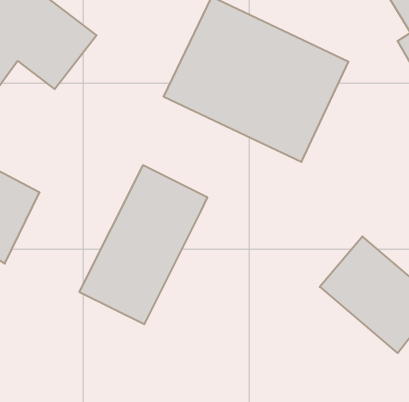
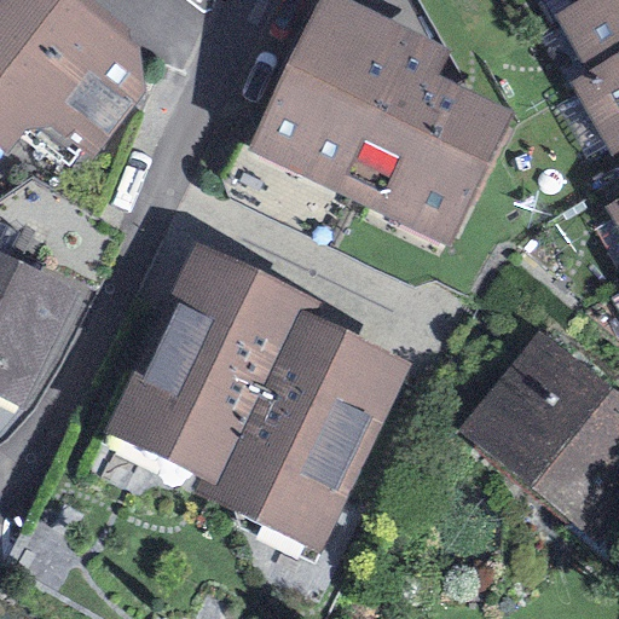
building: none -> [216,318,389,527]

